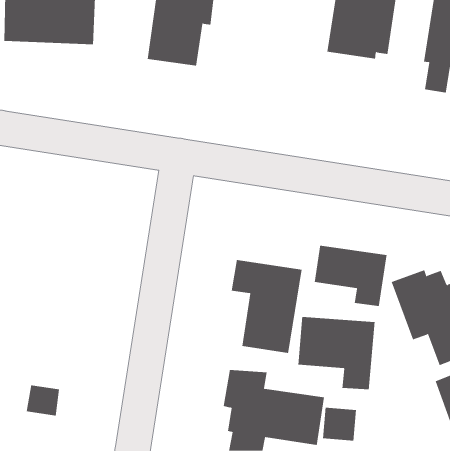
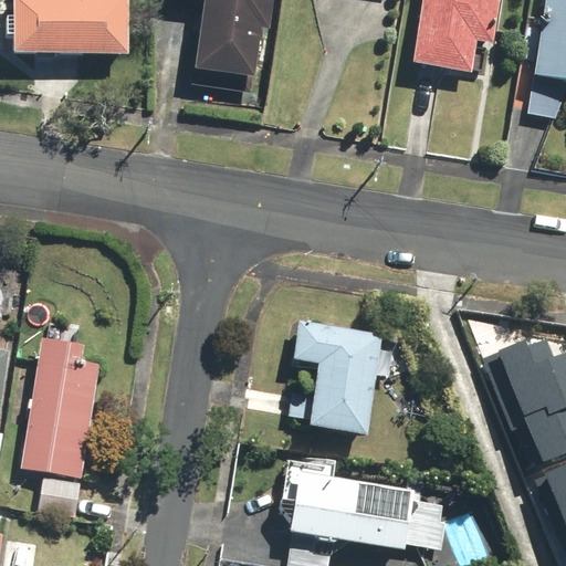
building: [314,245,387,307] -> none
building: none -> [22,336,104,476]
building: [298,316,375,390] -> none

